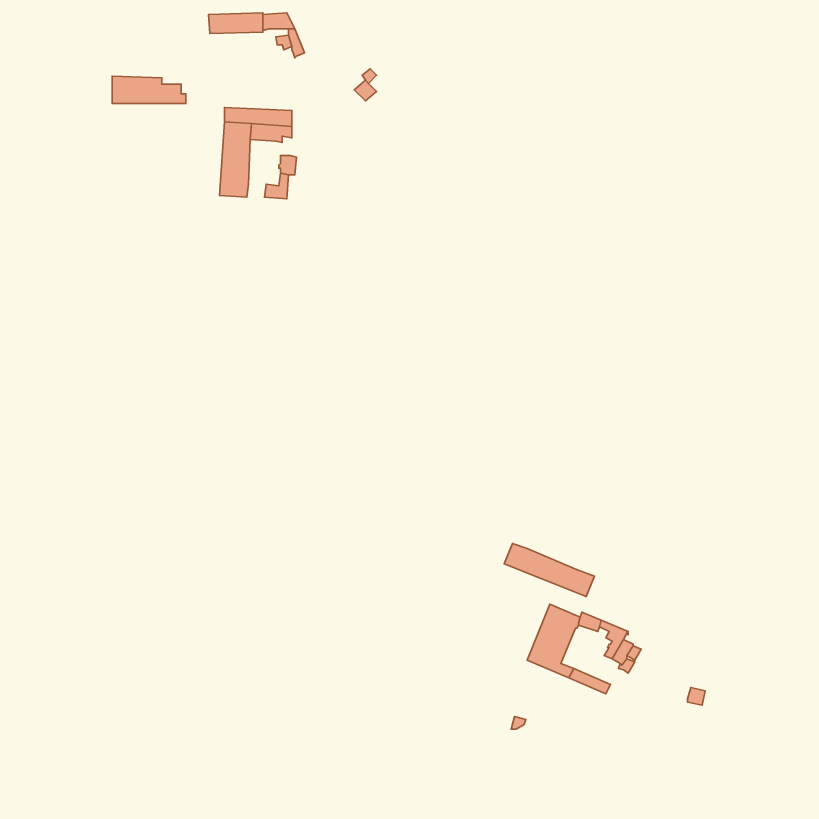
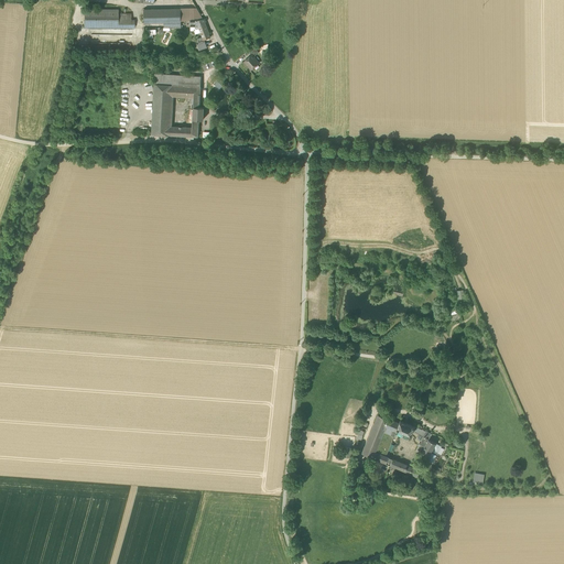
building: [112,76,186,103] -> [84,9,134,28]
building: [504,543,594,597] -> none

